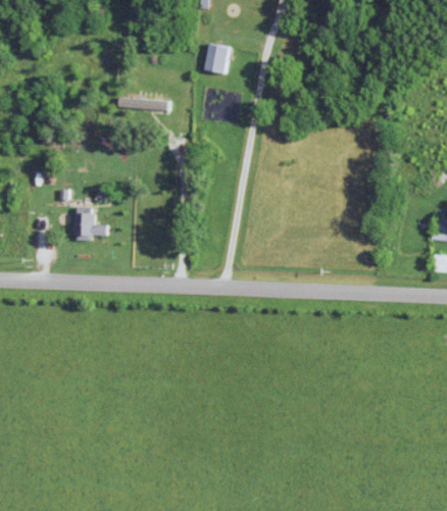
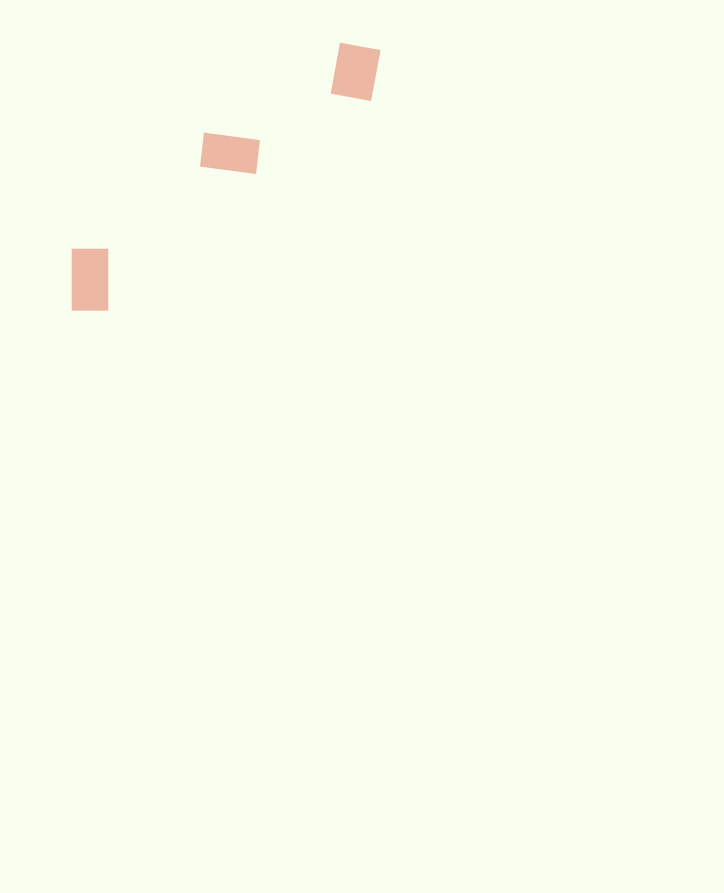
building: [73,208,94,242] -> [71,248,109,311]

